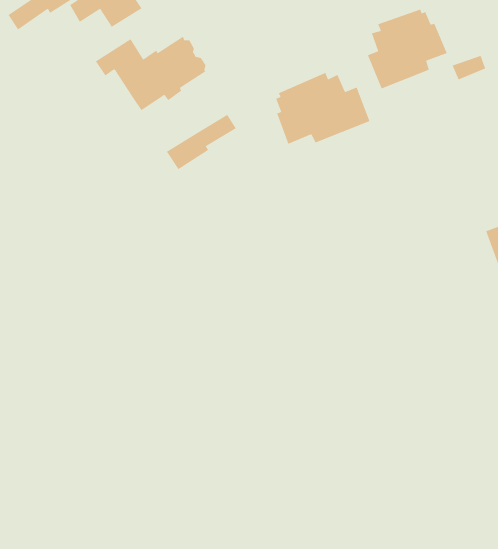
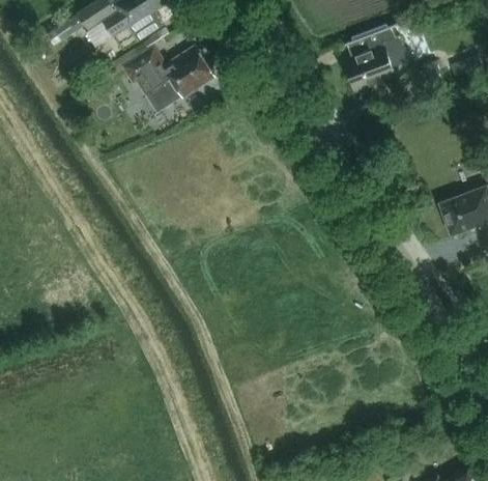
building: [275,72,371,145] -> none
building: [166,114,237,170] -> none

